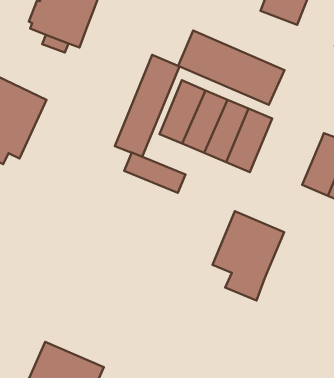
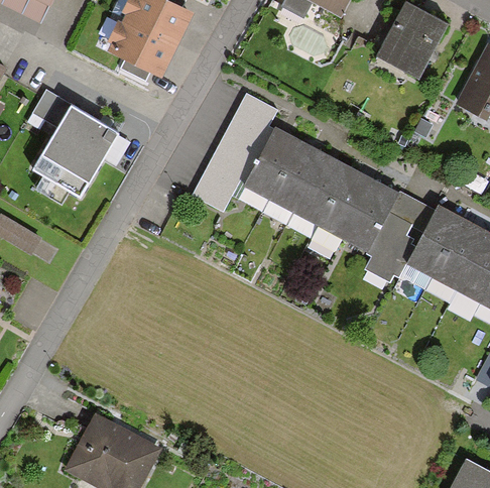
building: [178,30,284,105] -> none
building: [124,153,185,193] -> none
building: [213,211,284,300] -> [346,180,432,285]

